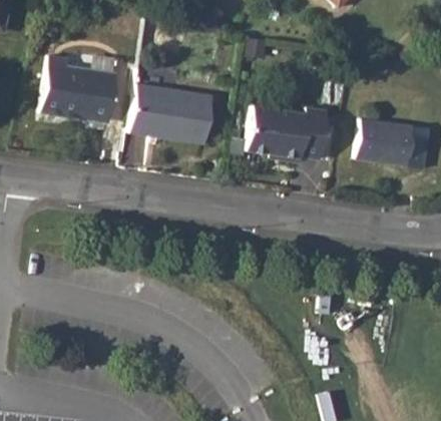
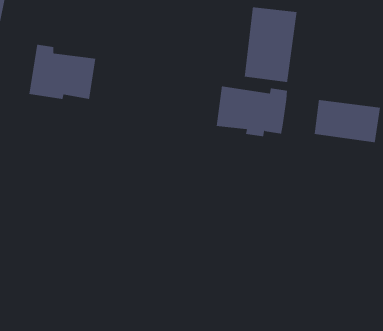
building: none -> [244,7,297,83]
building: [129,85,210,142] -> none

